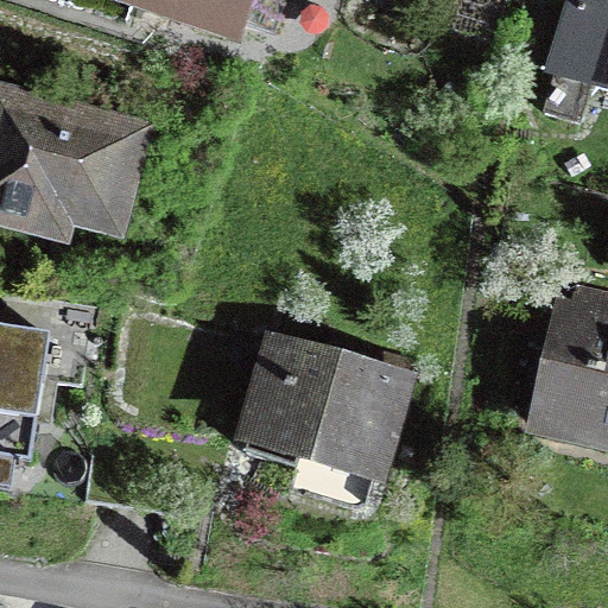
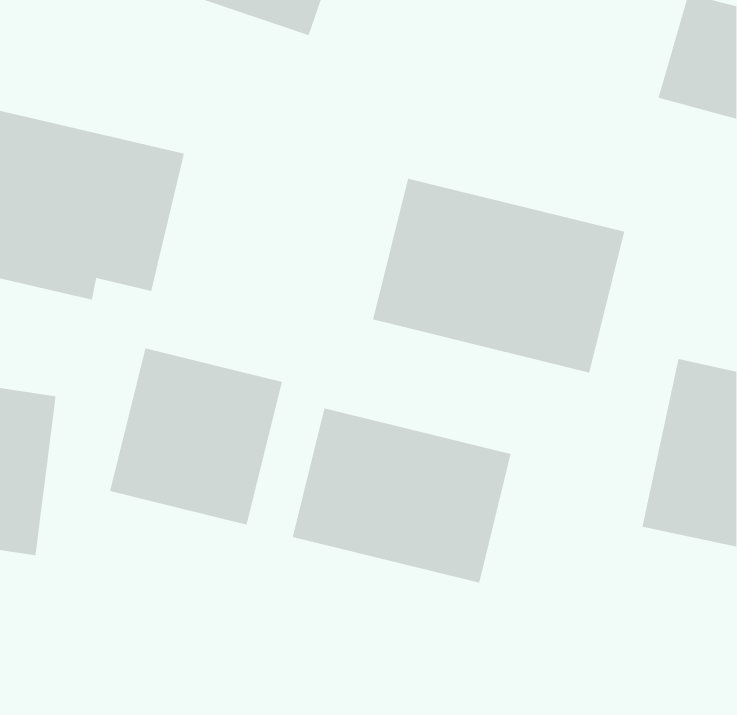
building: none -> [372,178,625,373]
building: none -> [109,347,283,526]

